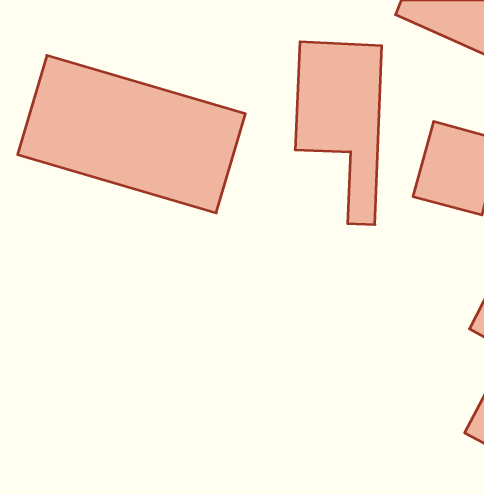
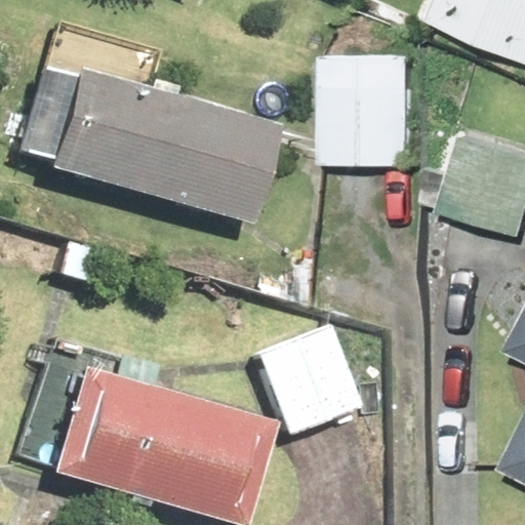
building: none -> [247,322,358,434]
building: none -> [49,374,260,518]

